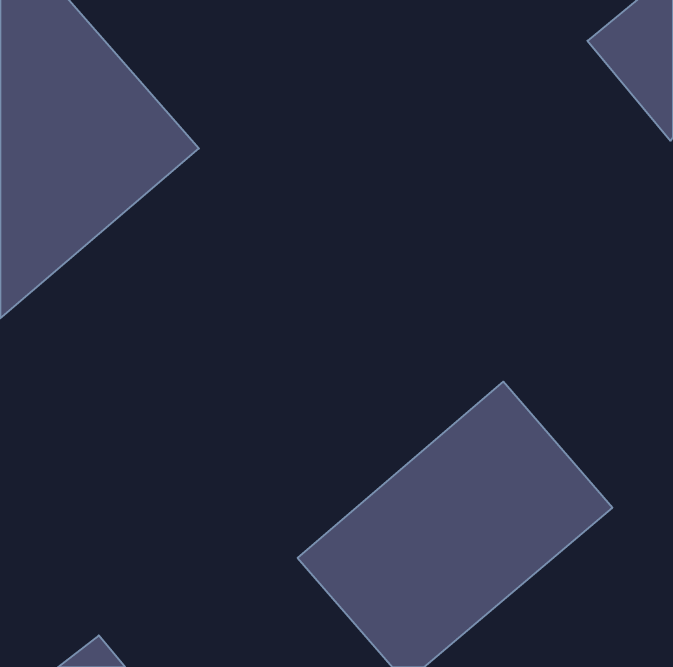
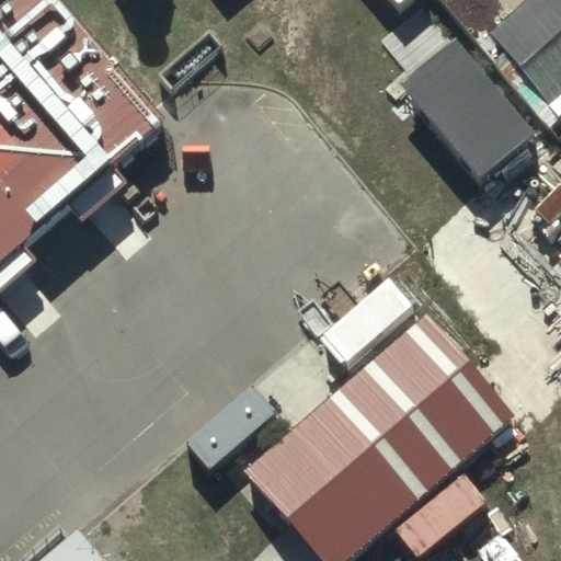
building: none -> [402,44,535,185]

